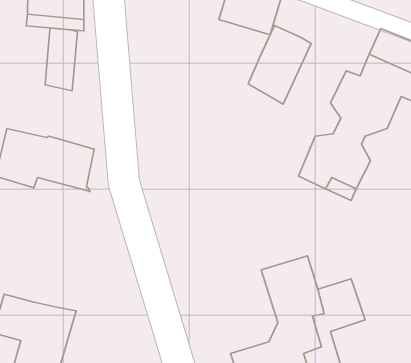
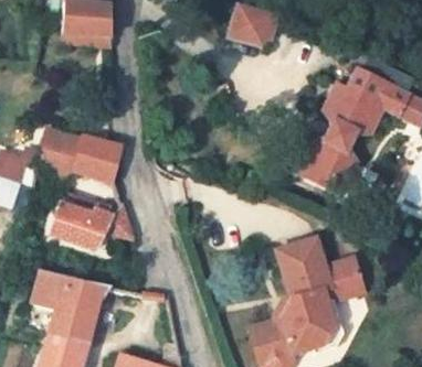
building: [248,26,311,104] -> none
building: [45,28,78,91] -> none
building: none -> [50,196,134,249]

